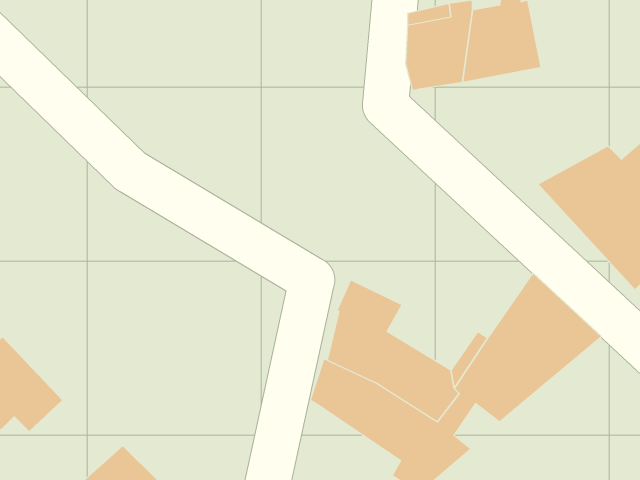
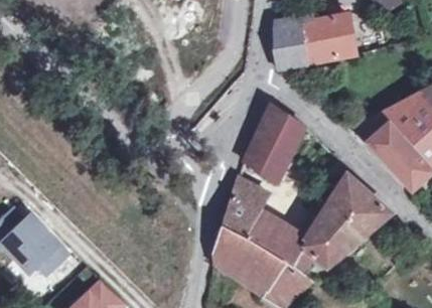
building: none -> [245,106,303,183]

